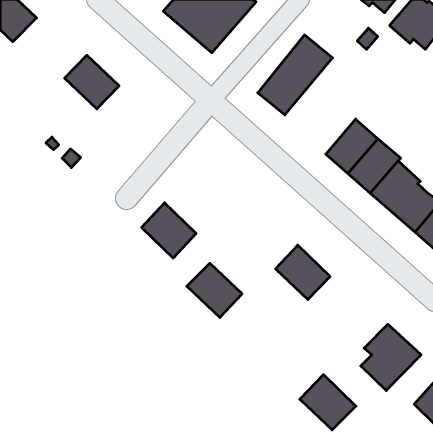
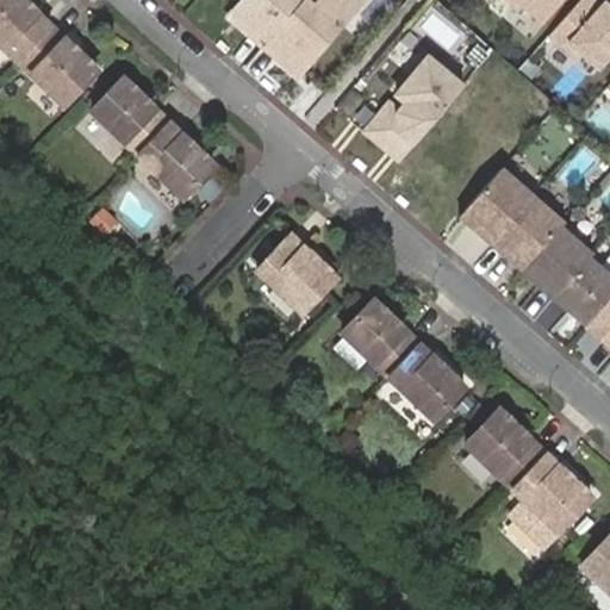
building: none -> [20,25,98,102]
building: none -> [138,120,216,197]
building: [142,203,196,258] -> [261,235,337,312]
building: [187,263,242,318] -> [342,300,419,376]
building: [300,375,356,430] -> [467,410,546,487]

